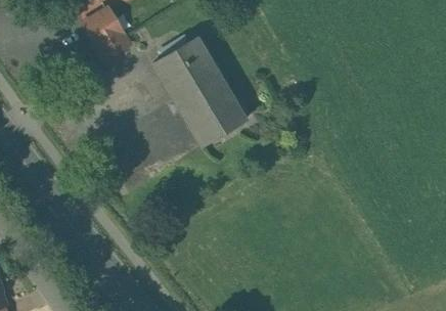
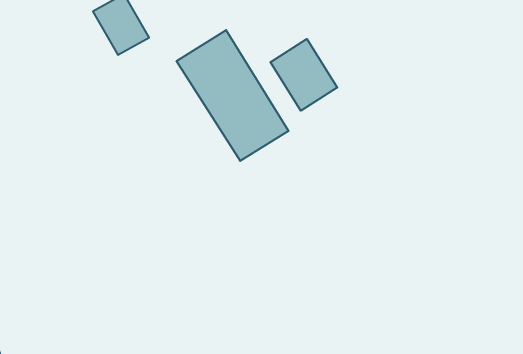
building: none -> [270,39,337,111]

